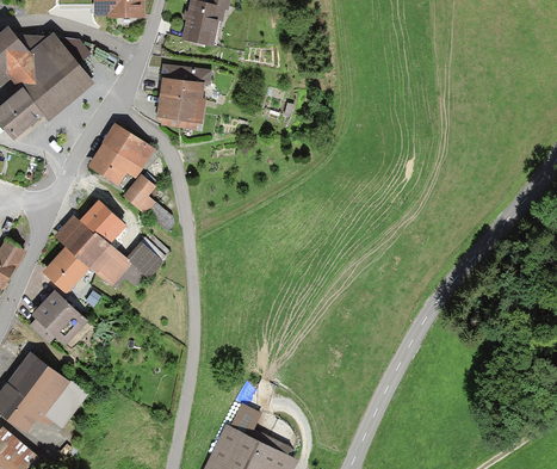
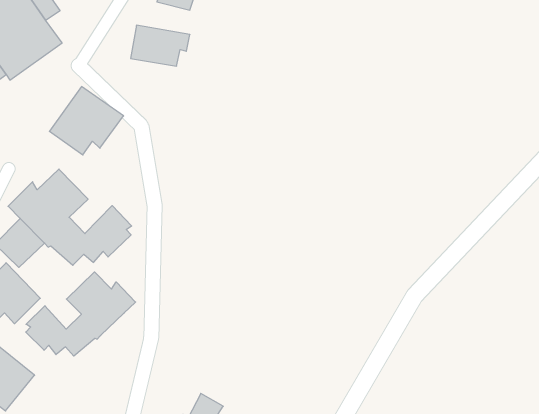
building: [155,94,204,129] -> none
building: [123,174,156,214] -> none
building: none -> [26,272,136,356]

